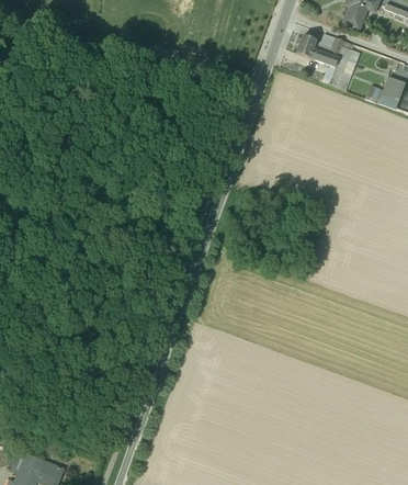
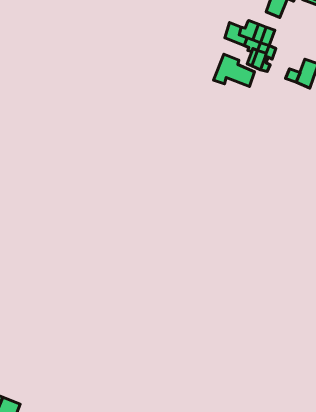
building: none -> [214,54,254,86]

